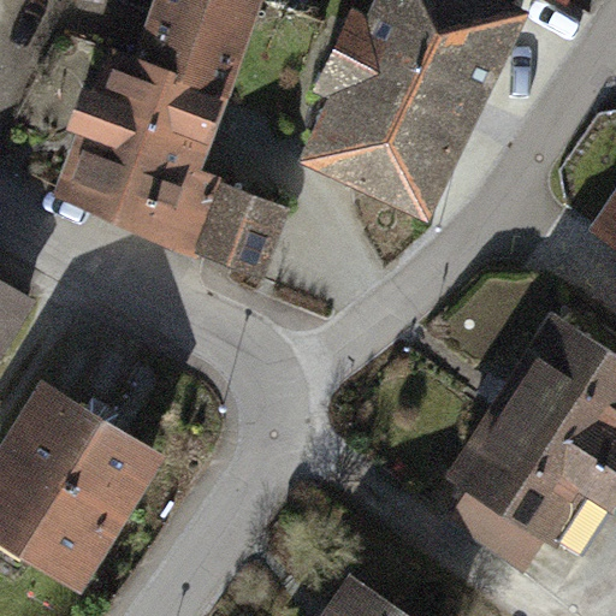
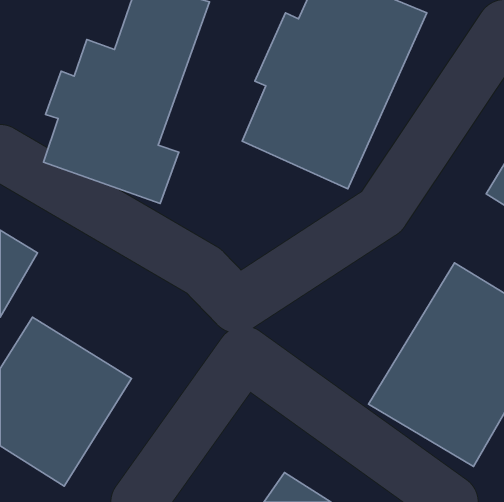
building: [200,182,294,280] -> none

